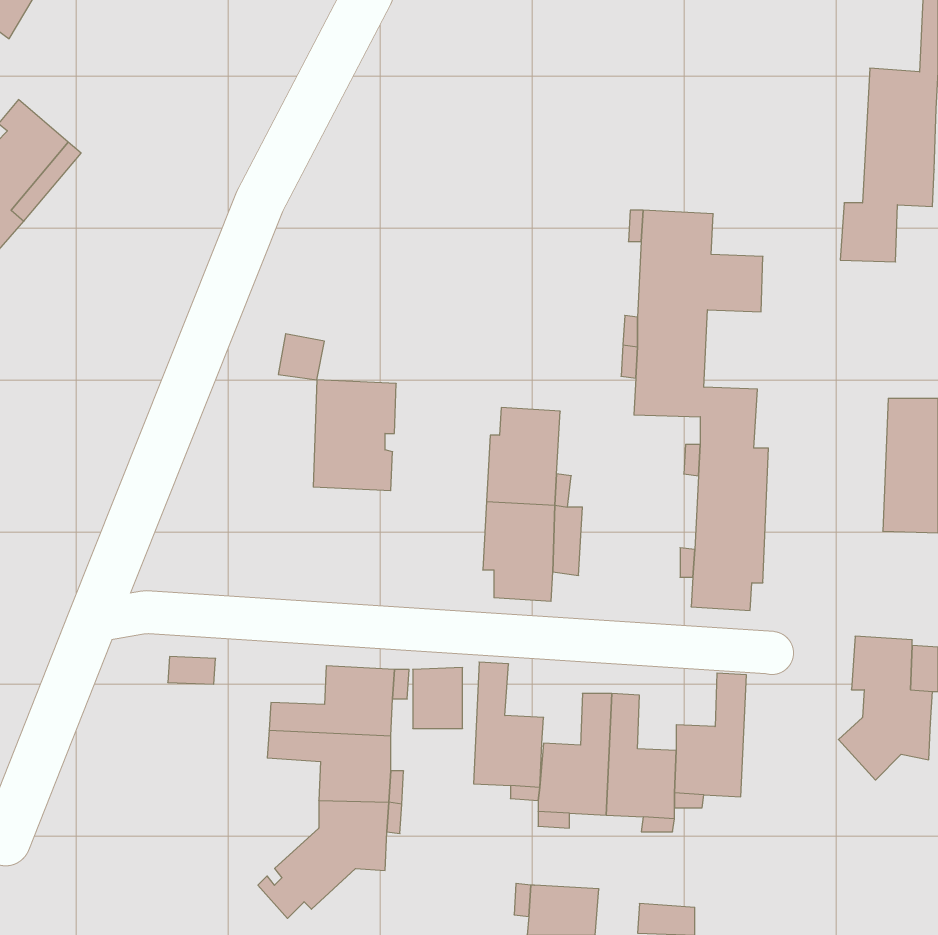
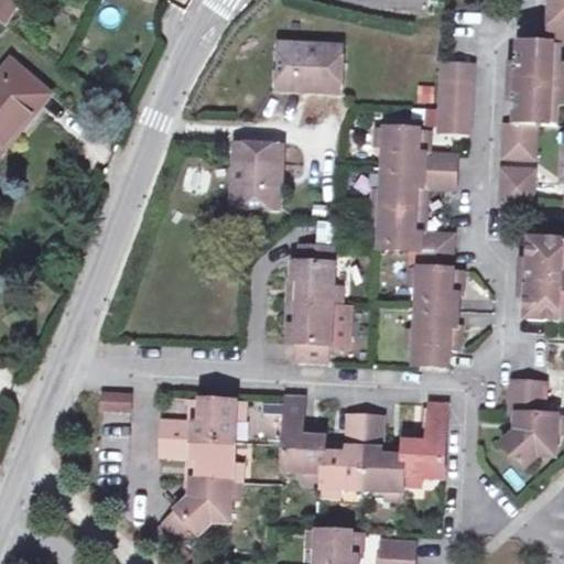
building: none -> [276,41,343,90]
building: none -> [437,62,473,130]
building: none -> [500,166,534,202]
building: [313,380,396,491] -> [232,141,282,207]

